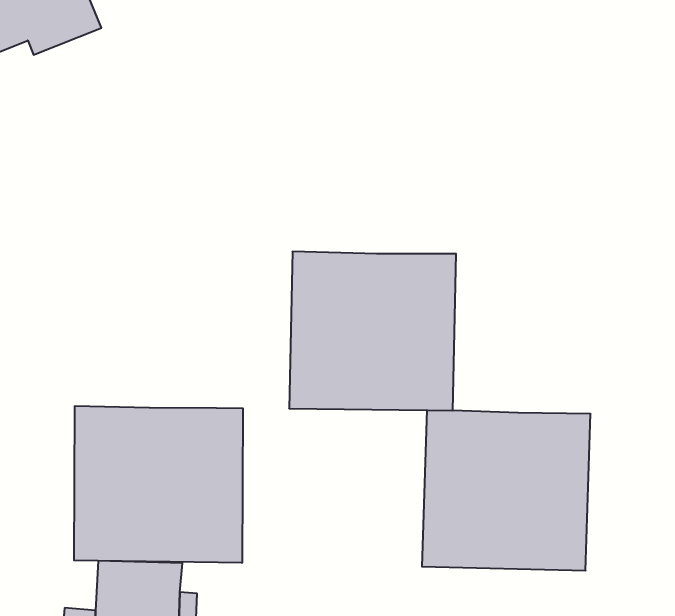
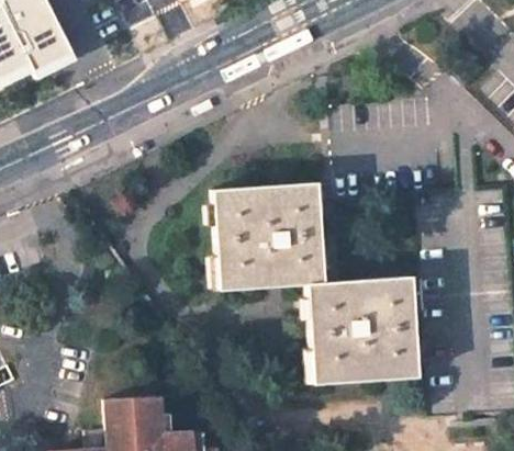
building: [74,406,243,563] -> none

